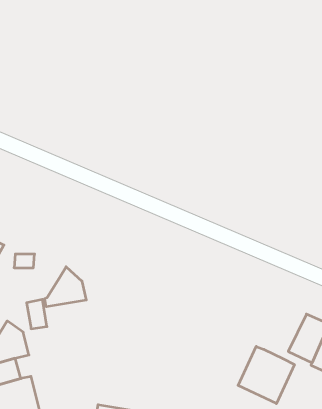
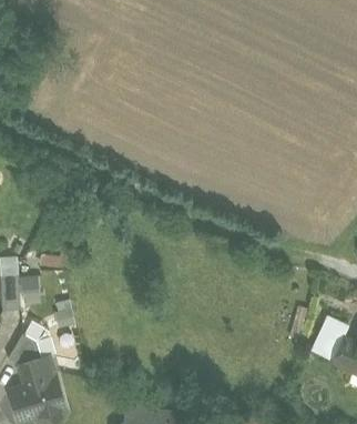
building: [45,267,86,307] -> none
building: [238,346,294,404] -> none

